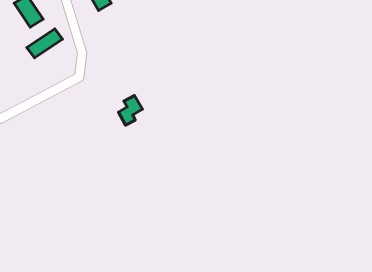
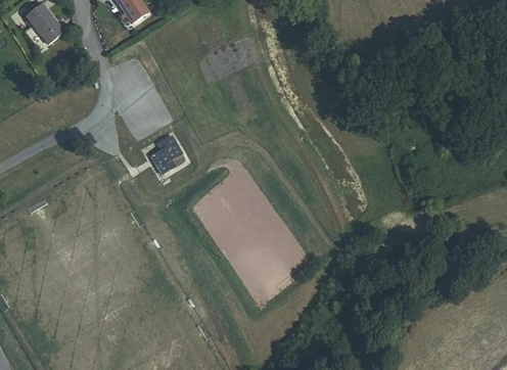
building: [27,29,62,58] -> none

